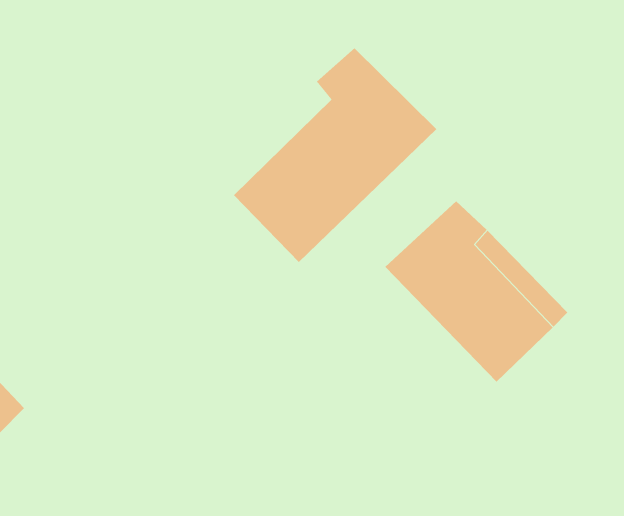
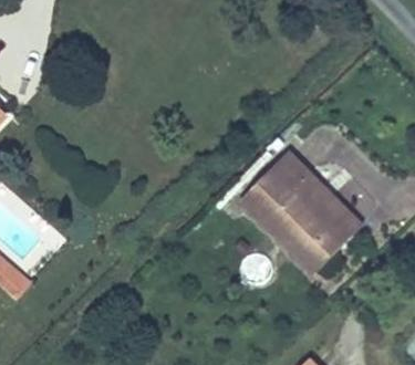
building: [233,48,437,263] -> none

